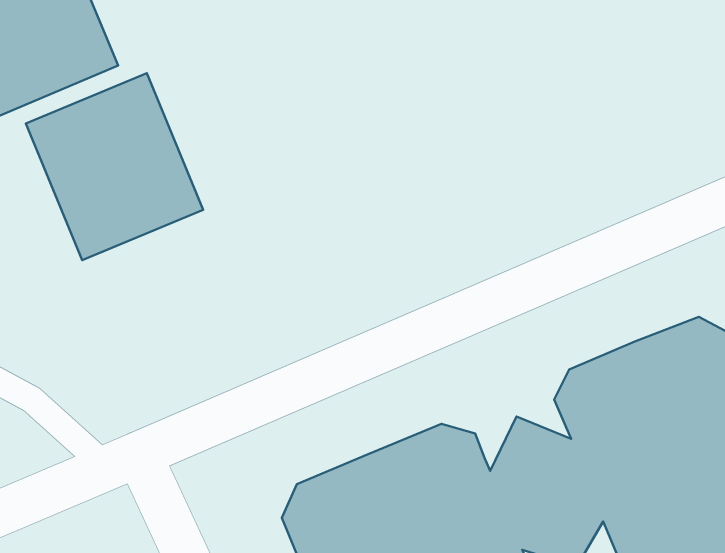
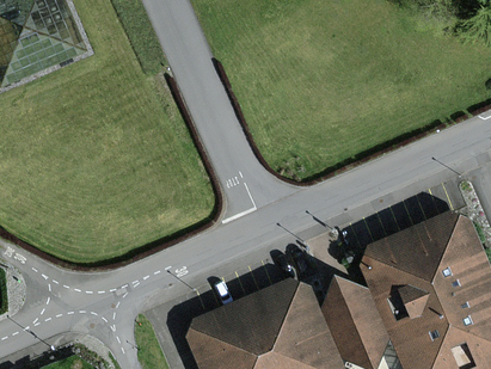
building: [26,73,203,260] -> none

